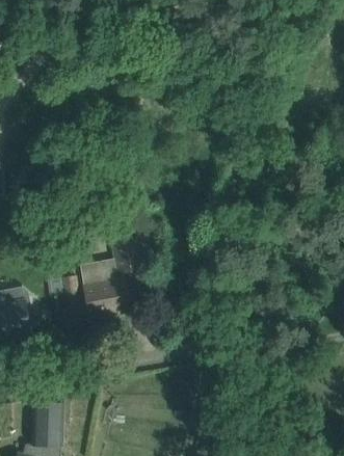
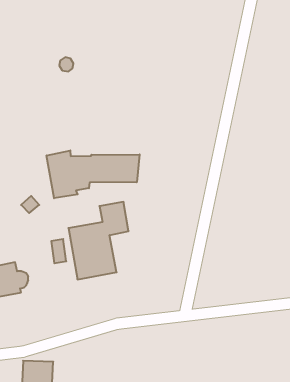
building: none -> [47,150,140,198]

